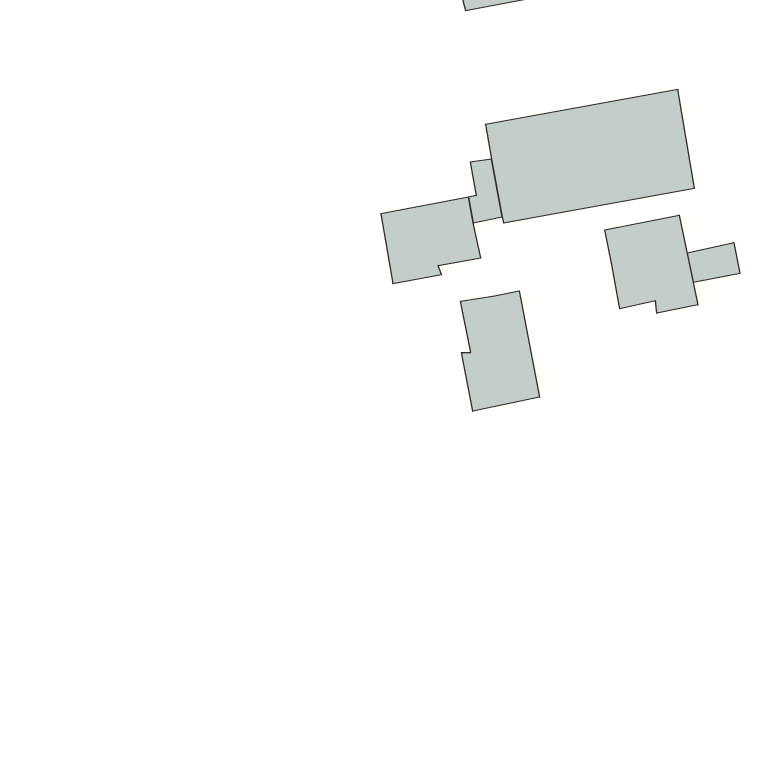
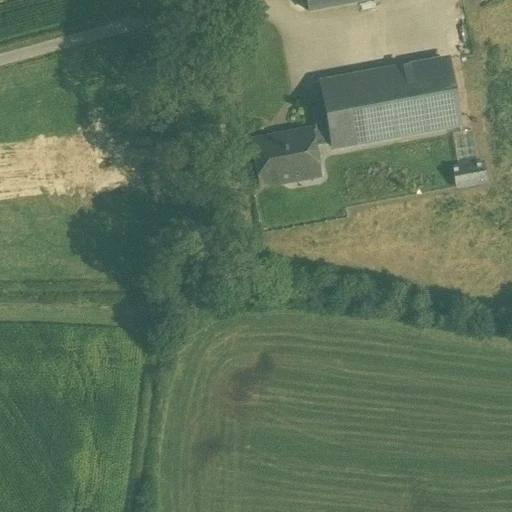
building: [605,215,698,313] -> none
building: [461,291,539,411] -> none

